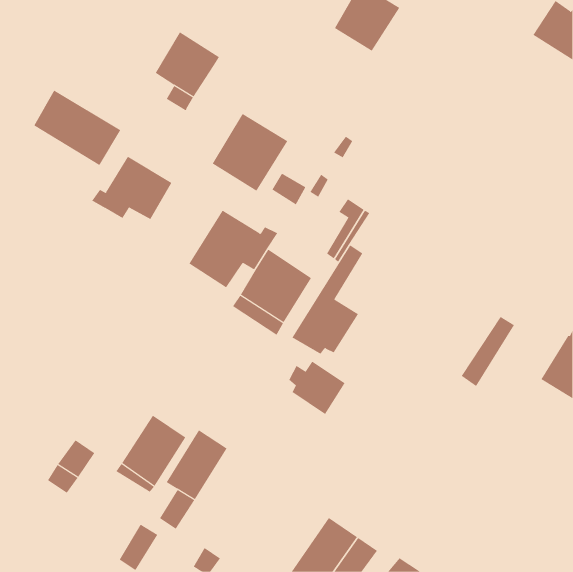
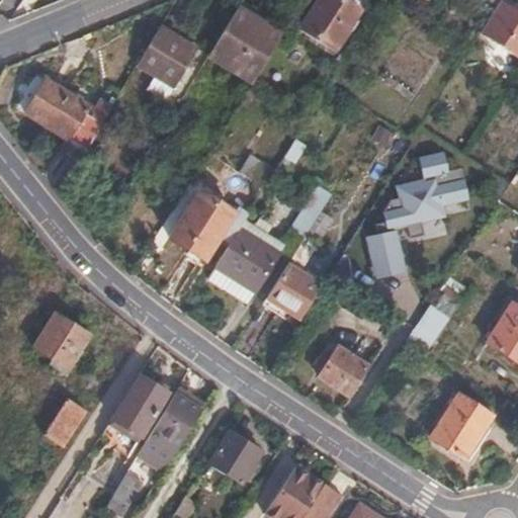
building: [212,113,288,192] -> [213,11,282,82]
building: [91,156,172,220] -> none
building: none -> [368,154,468,274]
building: none -> [34,311,91,372]
building: [288,361,346,415] -> [317,345,368,394]
building: none -> [431,393,493,456]
building: none -> [209,432,261,483]

